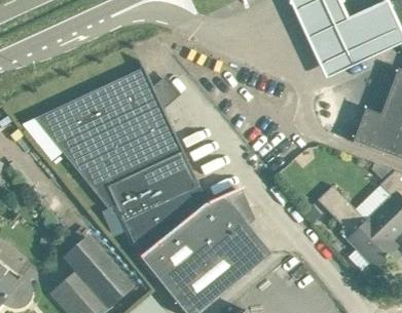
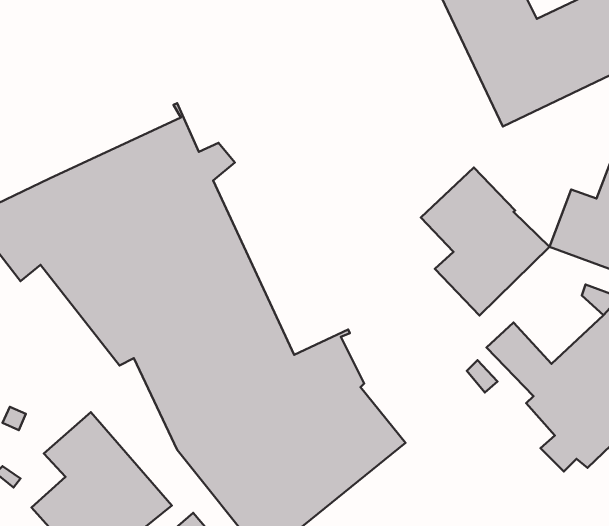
building: none -> [421,168,550,316]

